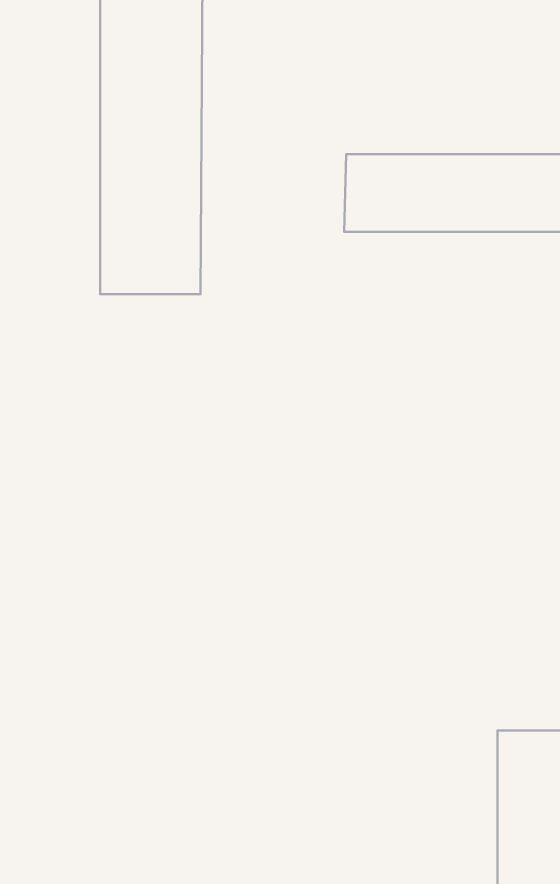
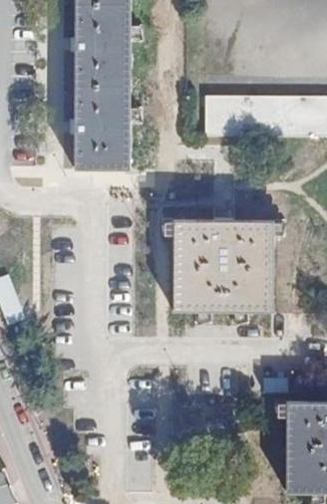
building: none -> [174,220,272,311]

